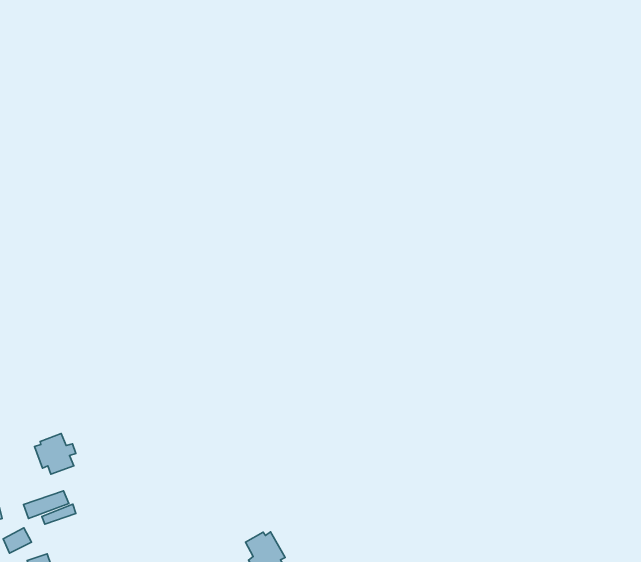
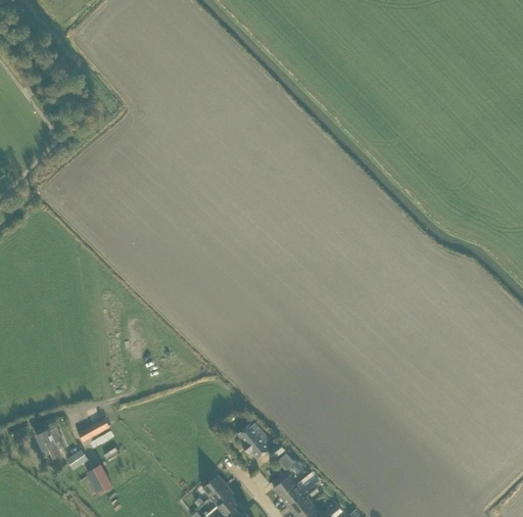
building: [34,434,76,474] -> none

